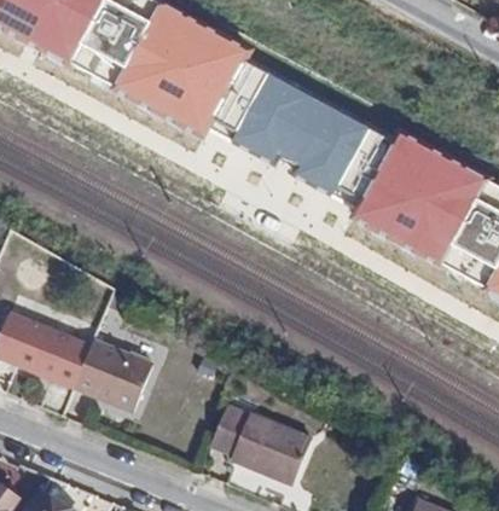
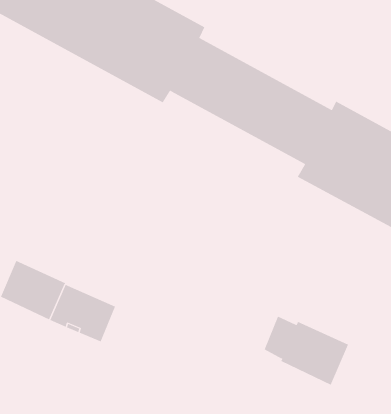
building: [210,407,308,487] -> [264,316,349,385]

